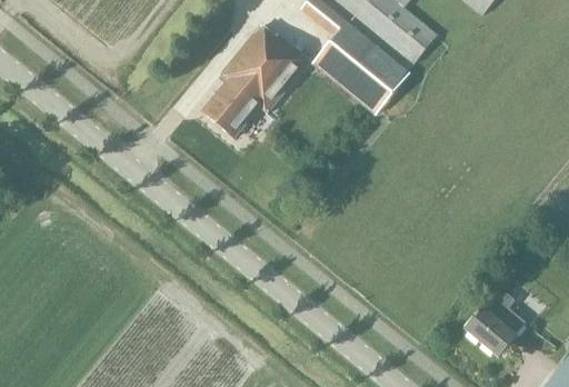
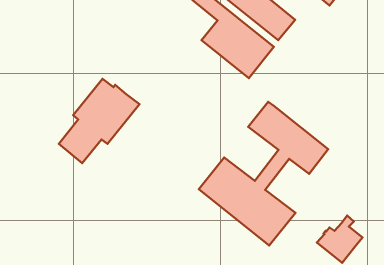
building: [202,24,309,136] -> [59,79,140,163]
building: none -> [199,102,328,246]

